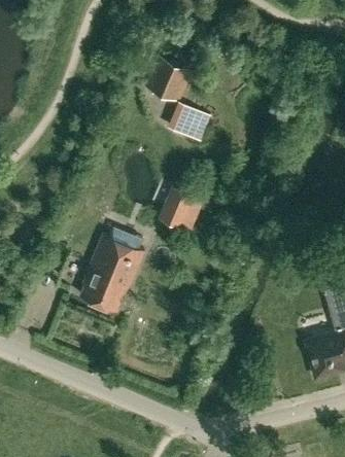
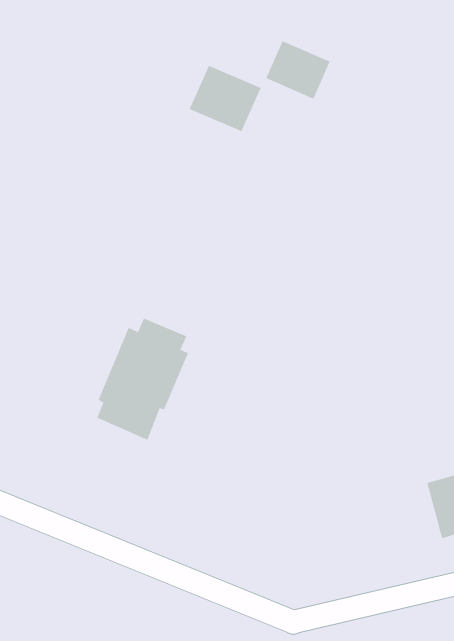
building: [167,102,211,142] -> [265,40,331,99]
building: [160,188,205,236] -> none

